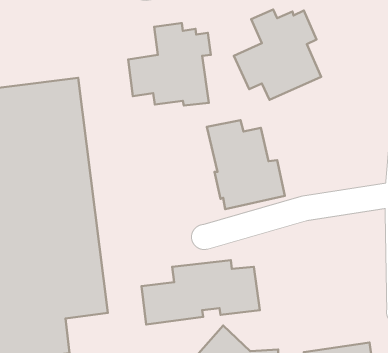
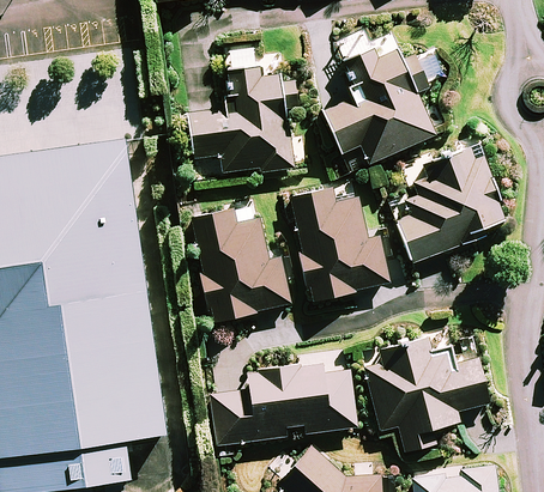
building: none -> [397,147,503,261]
building: none -> [193,208,289,320]
building: none -> [365,339,486,450]

